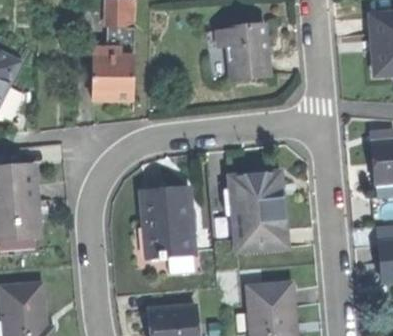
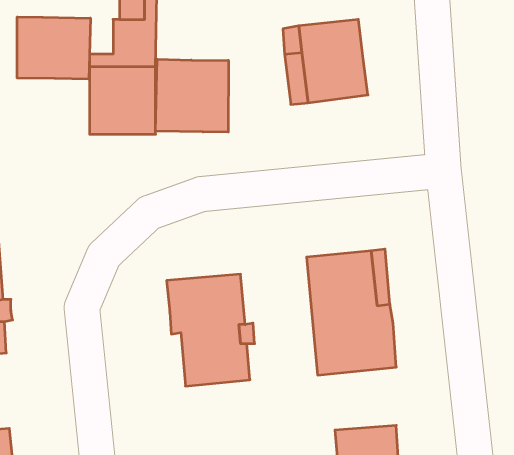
building: none -> [17,17,90,79]
building: none -> [156,59,228,132]

